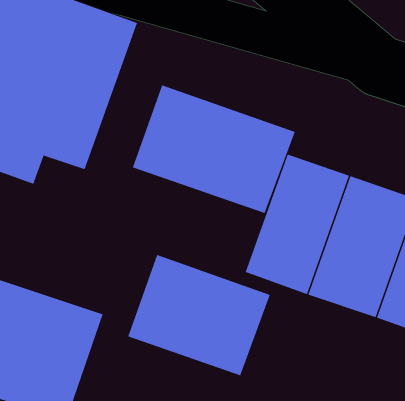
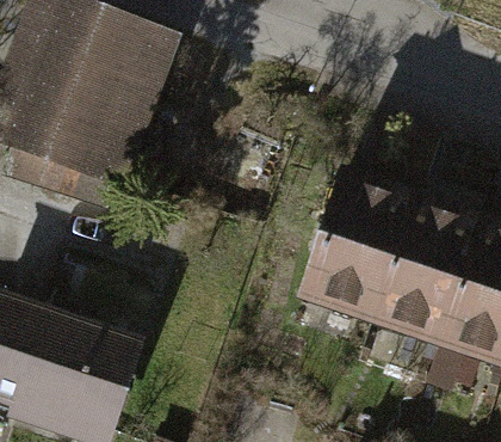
building: [132,84,295,214] -> none
building: [127,254,271,376] -> none

